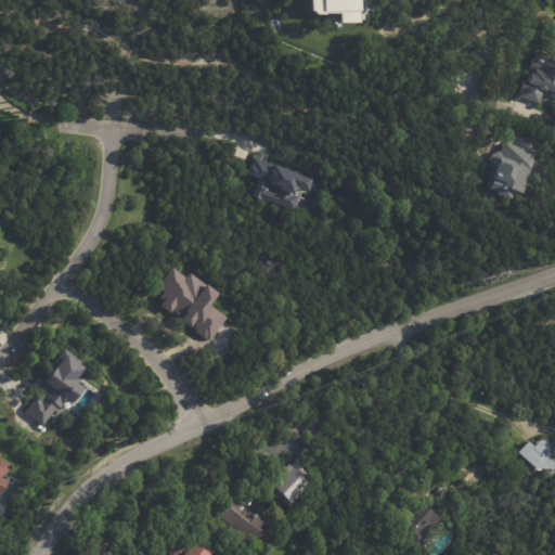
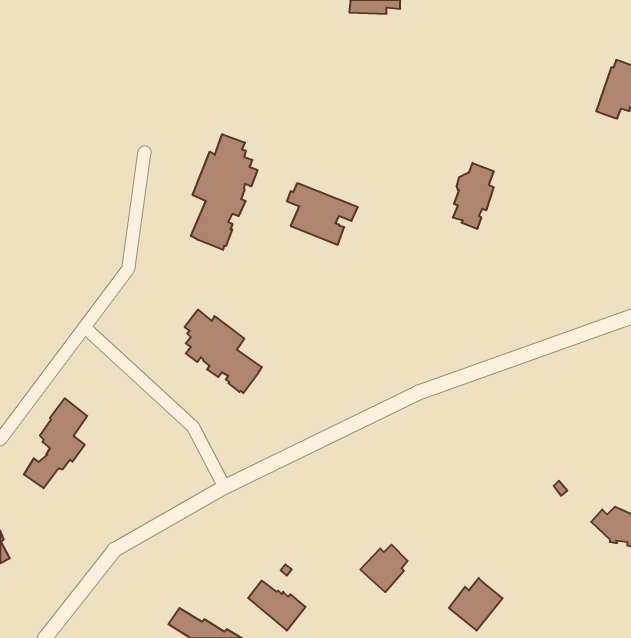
building: none -> [191,134,258,250]
building: [491,142,527,199] -> [453,163,494,229]
building: [271,460,312,501] -> [360,545,408,592]

